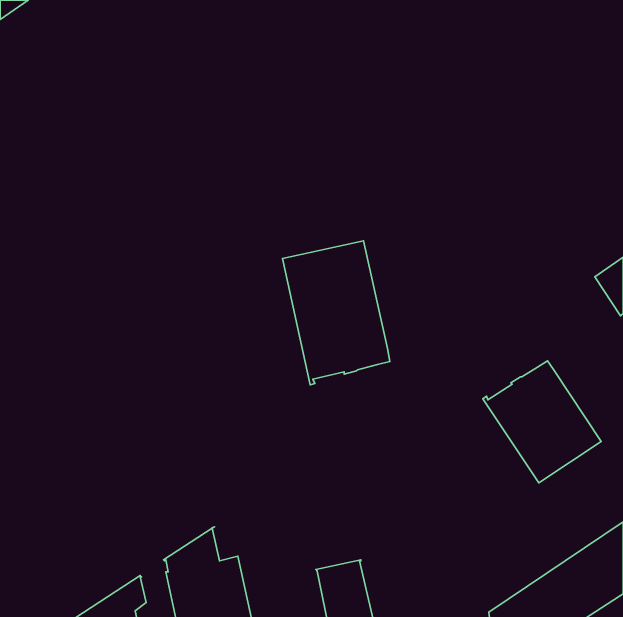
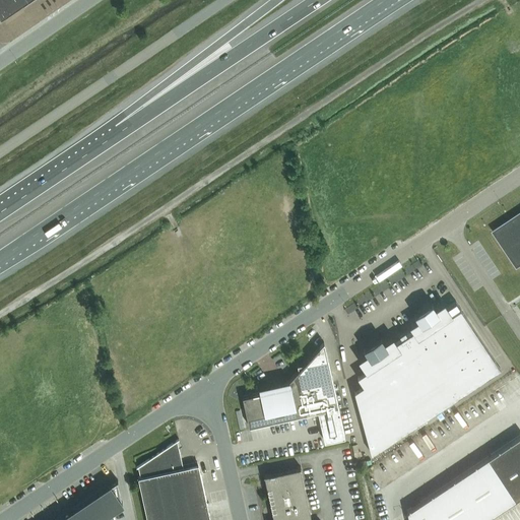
building: [283,241,390,385] -> none
building: none -> [354,337,449,459]
building: none -> [243,346,344,446]

